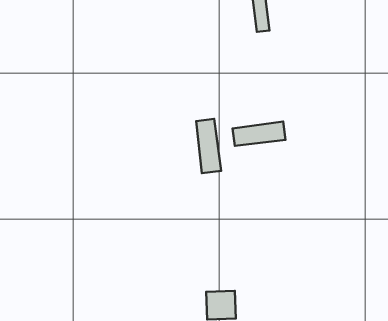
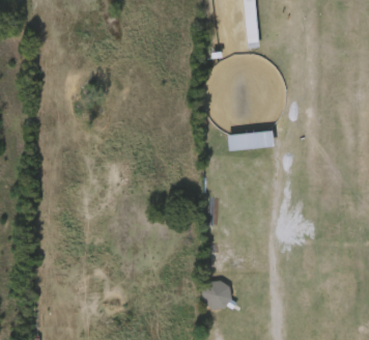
building: [196,119,221,173] -> none

